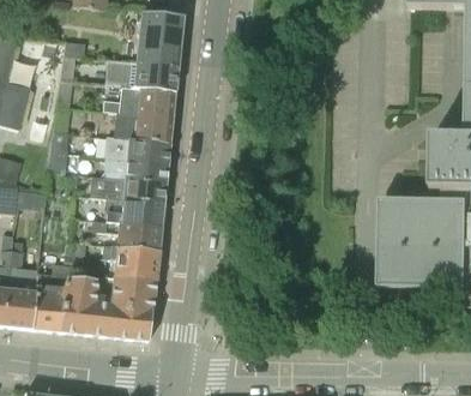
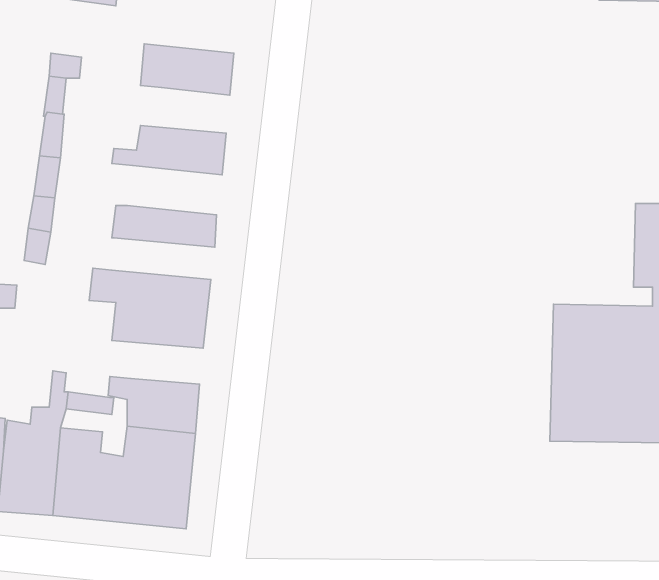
building: [122,11,182,40] -> none
building: [117,61,176,90] -> none
building: [111,110,171,142] -> none
building: [102,156,167,182] -> none
building: [87,220,159,248] -> none

